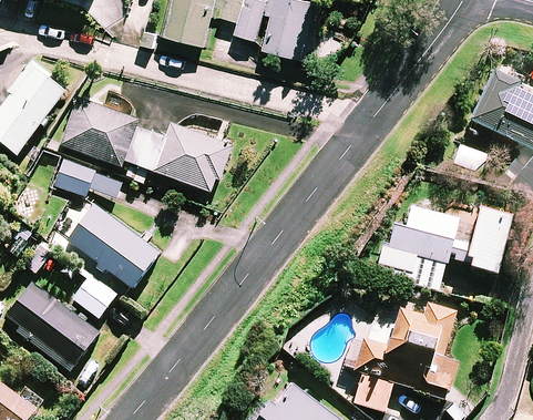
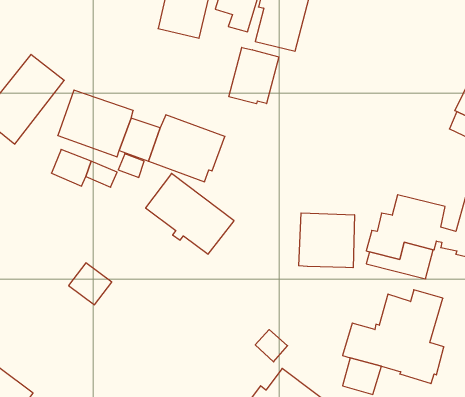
building: none -> [229,47,279,104]
building: [68,204,158,287] -> [146,173,234,254]
building: none -> [299,213,354,268]
building: [7,281,99,371] -> none

